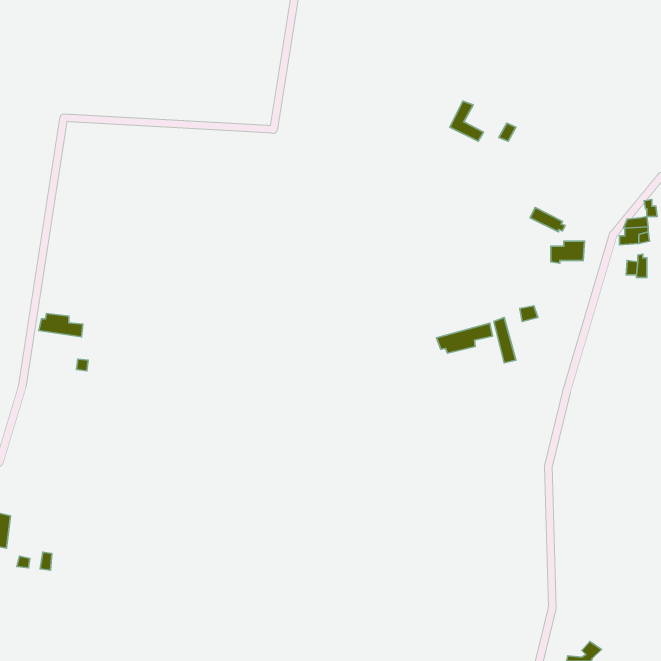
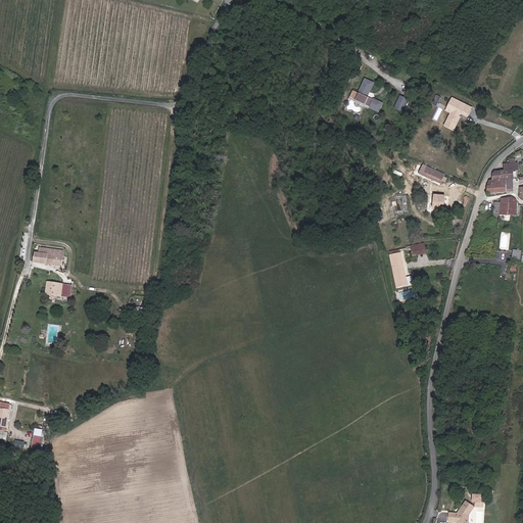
building: none -> [442,96,472,131]
building: [437,323,492,353] -> none

